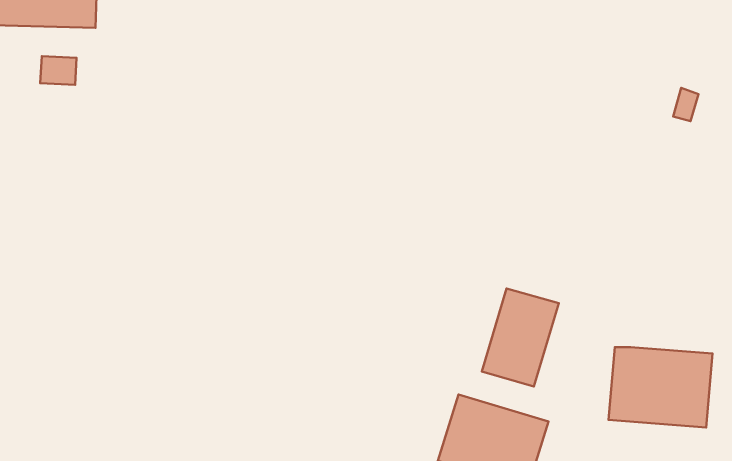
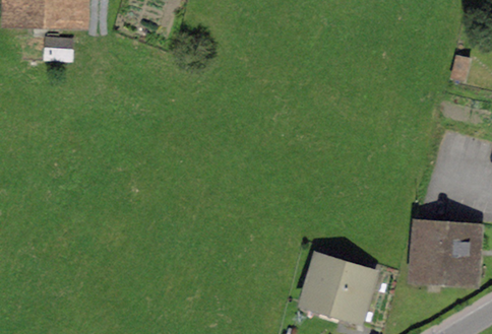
building: [482,288,559,386] -> none

